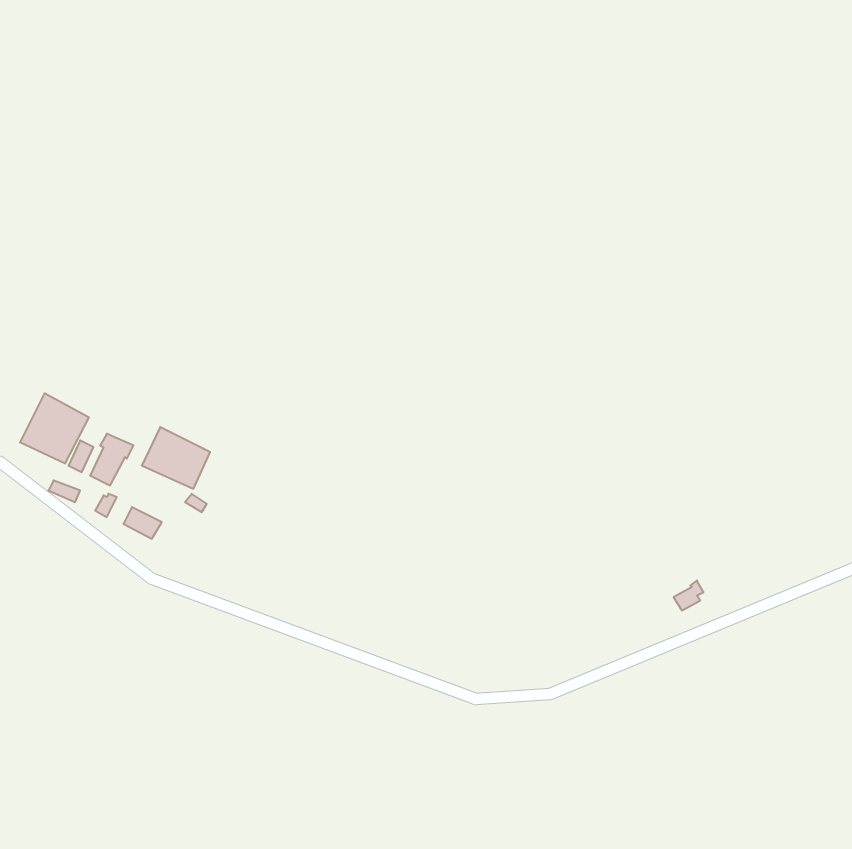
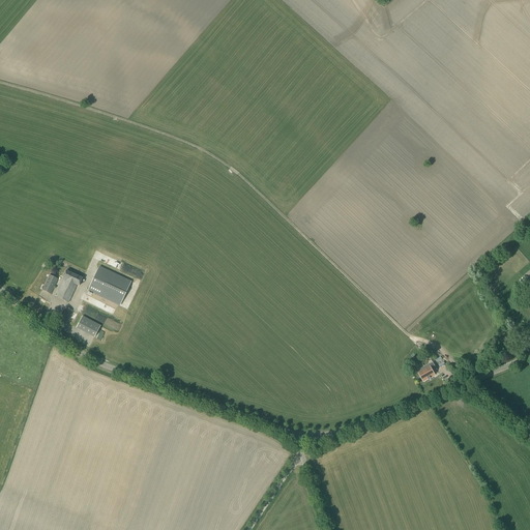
building: [20,393,89,464] -> none

